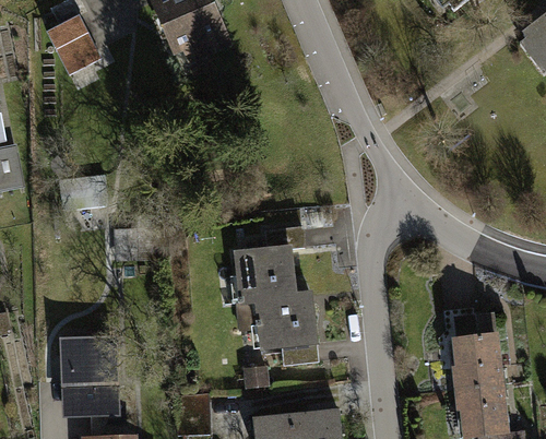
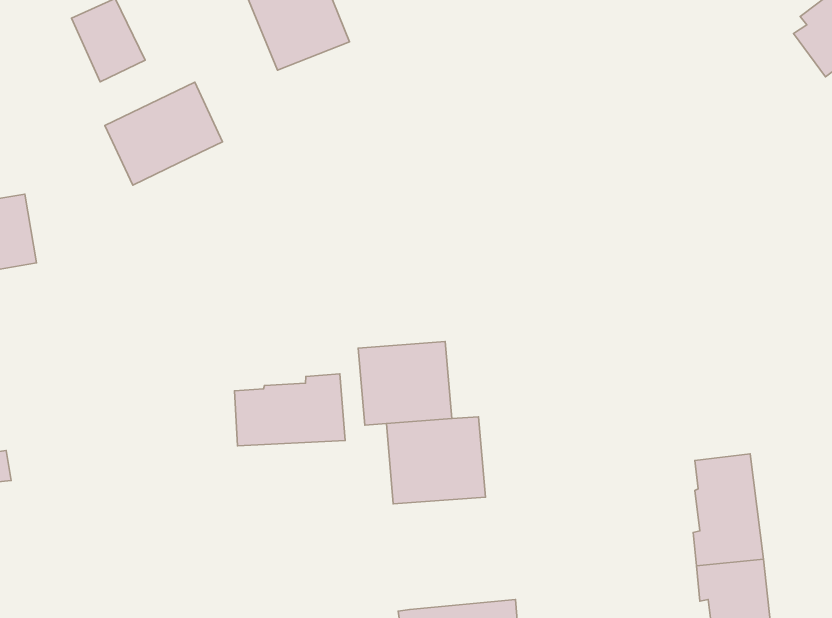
building: none -> [105,82,222,185]
building: none -> [234,374,345,446]
building: [61,336,119,417] -> none

